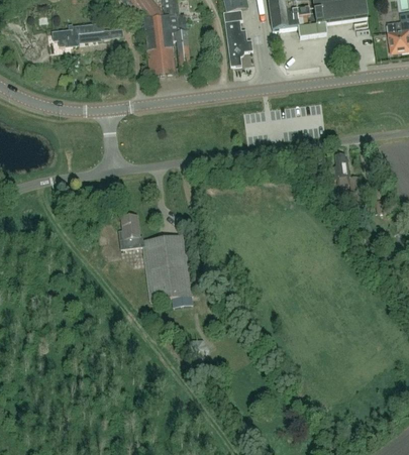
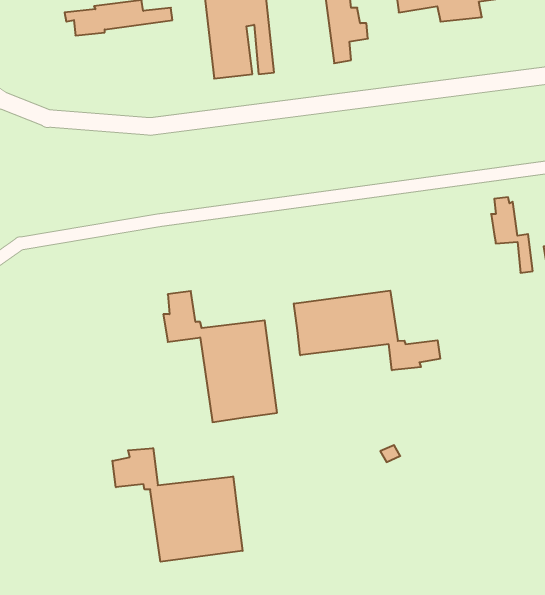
building: none -> [294,291,440,370]
building: none -> [112,448,243,562]

